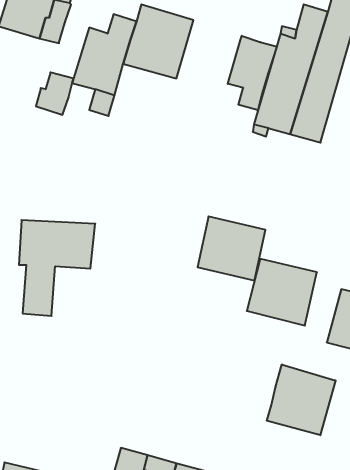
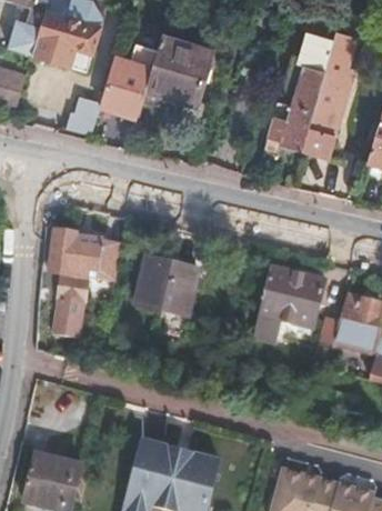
building: [228,36,277,110] -> none
building: [198,216,265,281] -> [137,257,199,315]
building: [267,364,336,435] -> none

